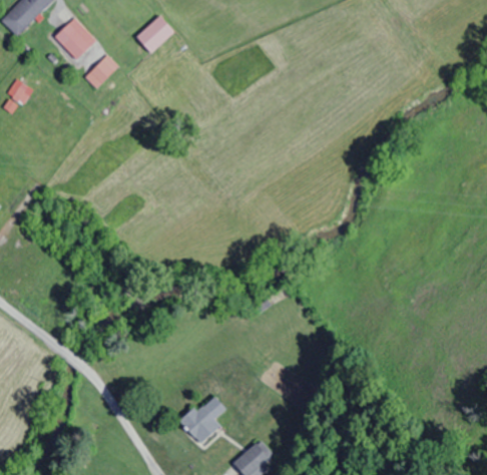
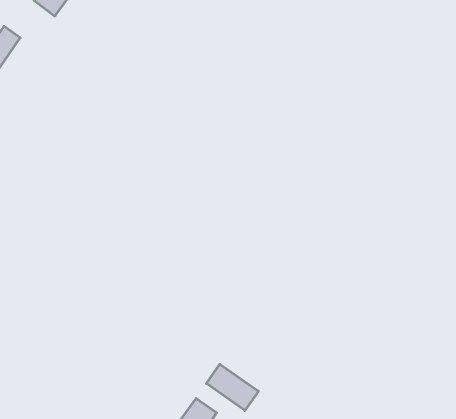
building: none -> [206,364,258,411]

